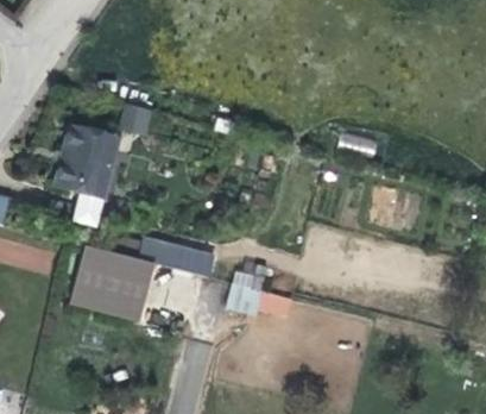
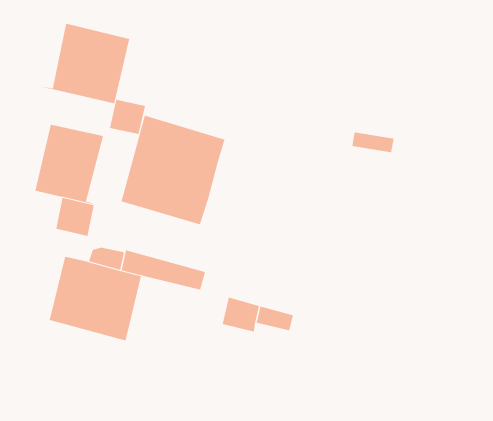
building: none -> [42,23,130,104]
building: none -> [121,115,225,225]

